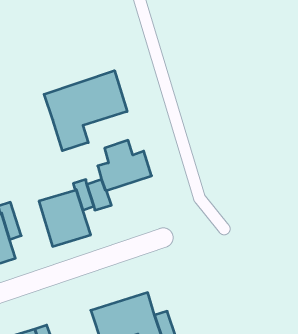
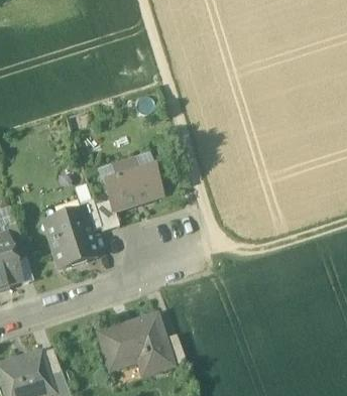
building: [44,71,127,151] -> none

